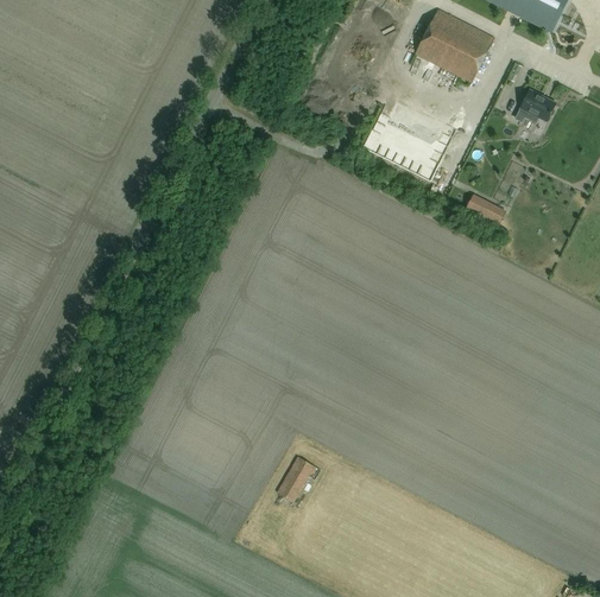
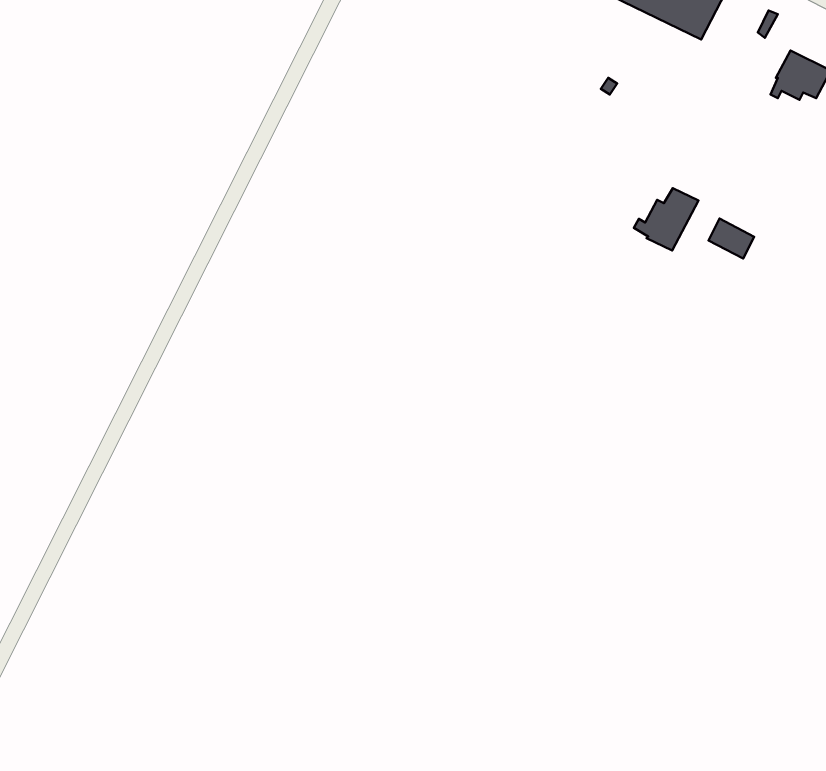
building: none -> [634,188,699,250]
building: [277,456,314,500] -> none

